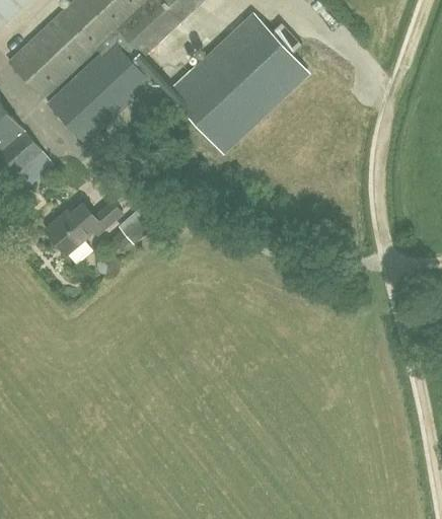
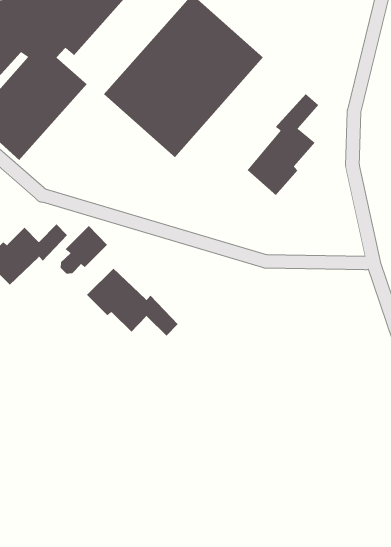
building: none -> [247,93,319,196]
building: none -> [86,268,179,337]

